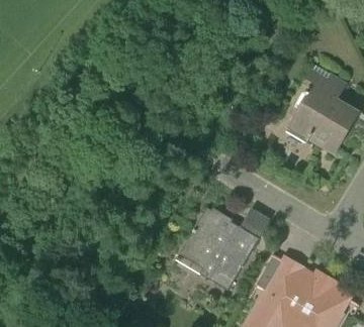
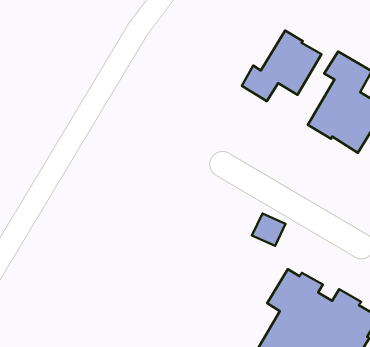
building: none -> [242,31,321,101]
building: [183,208,259,291] -> none

